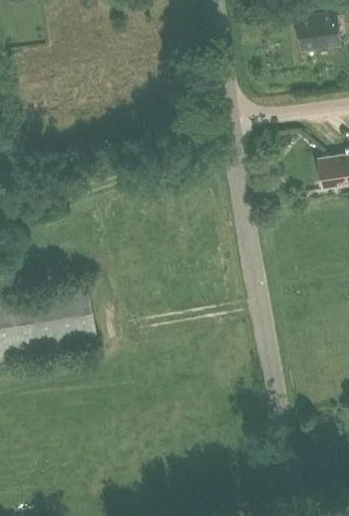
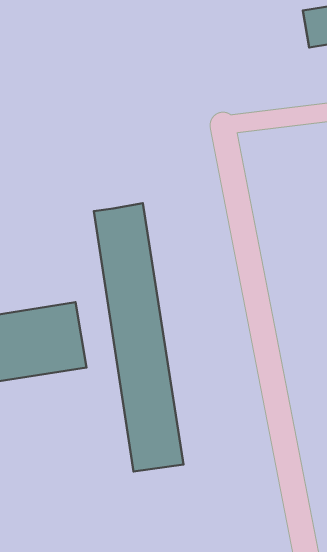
building: none -> [94,203,184,471]

